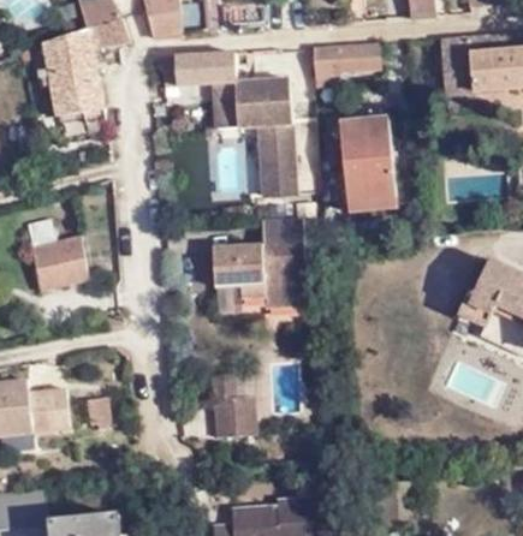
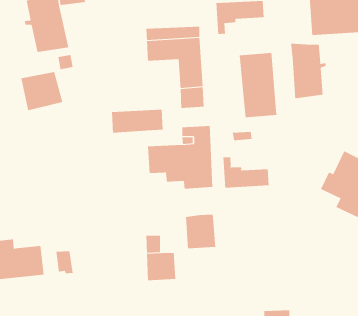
building: [161,53,234,87] -> [111,109,163,133]
building: none -> [290,43,326,99]
building: [31,236,91,291] -> [21,71,63,111]
building: none -> [223,156,269,189]
building: none -> [186,214,216,249]

